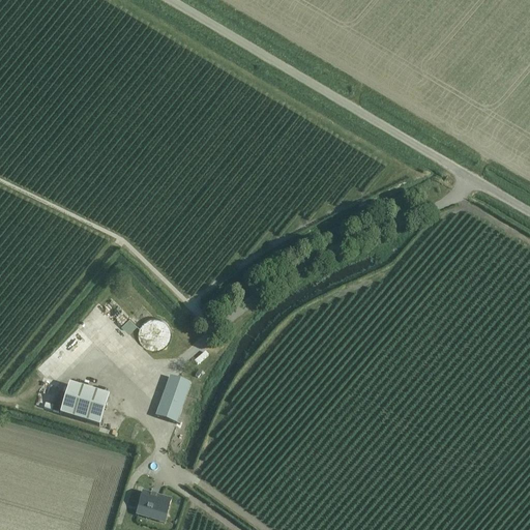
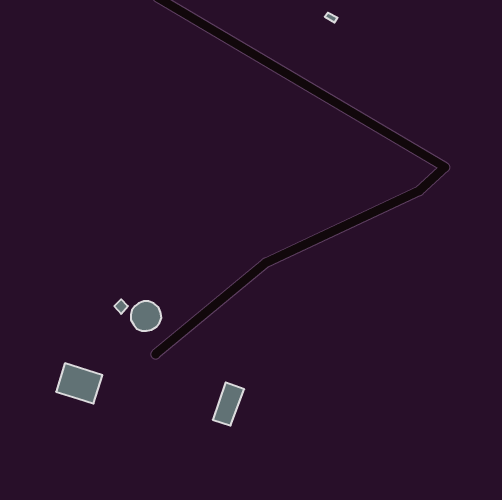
building: [155,374,188,419] -> [213,382,244,426]
building: [138,490,171,512] -> none

